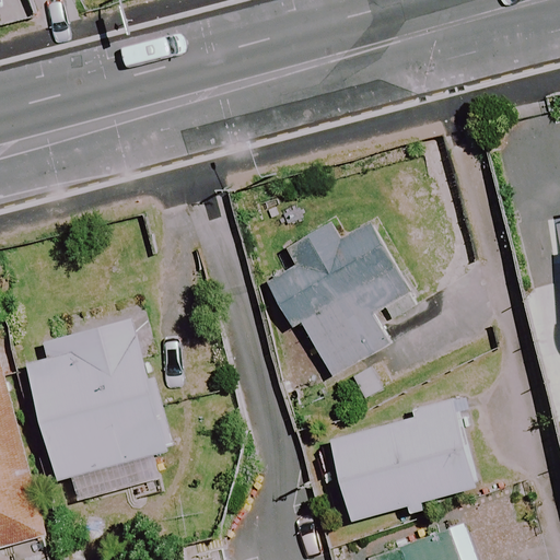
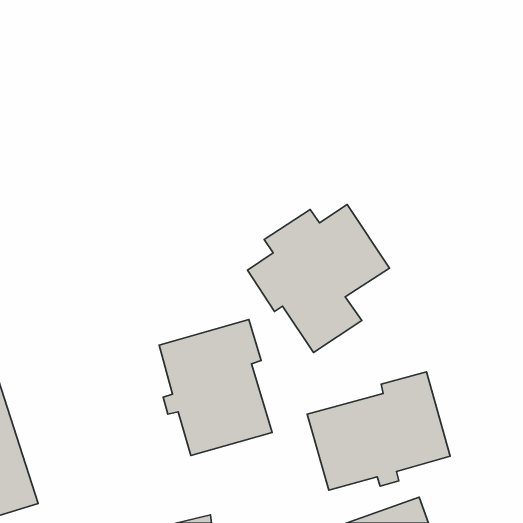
building: [26,338,170,481] -> none
building: none -> [159,319,272,456]

